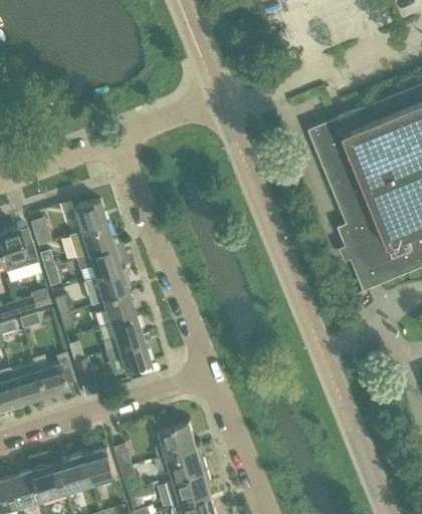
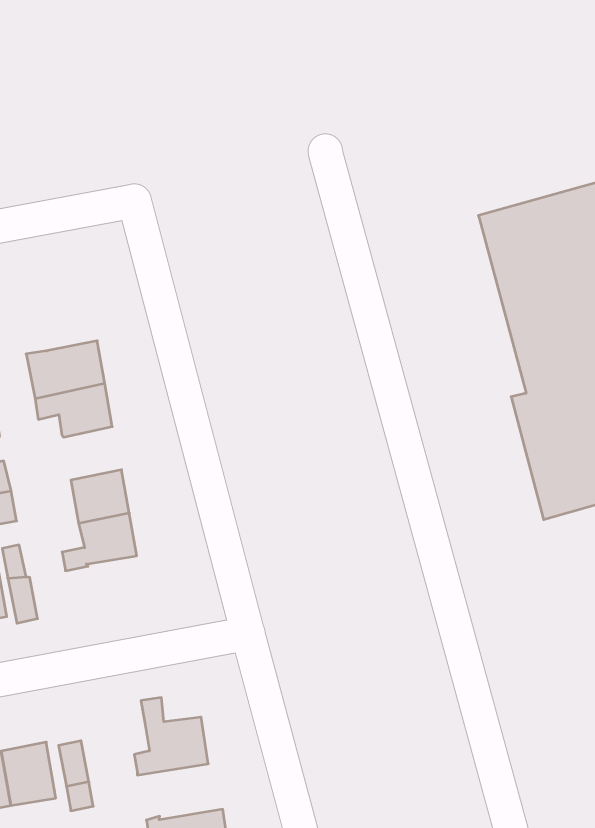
building: [72,202,107,234] -> none
building: [83,271,129,306] -> none
building: [116,340,150,372] -> none
building: [155,450,207,484] -> none

